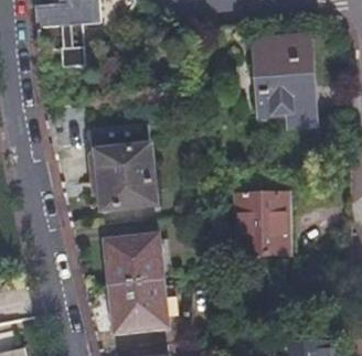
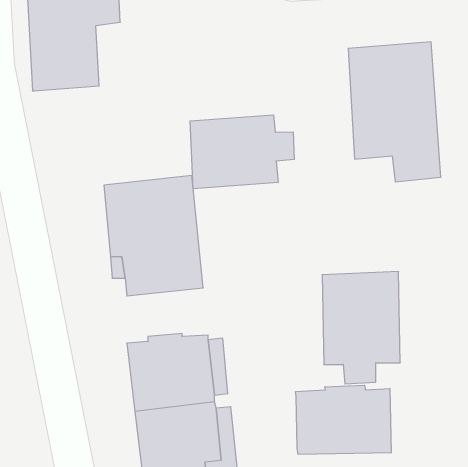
building: none -> [190,115,294,189]
building: none -> [295,385,391,454]

